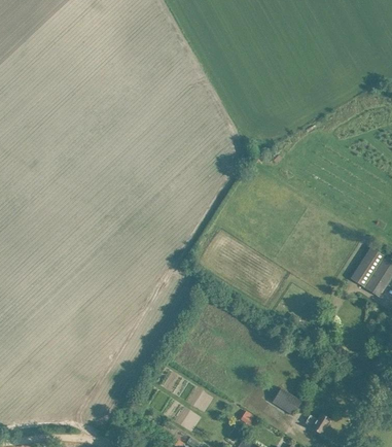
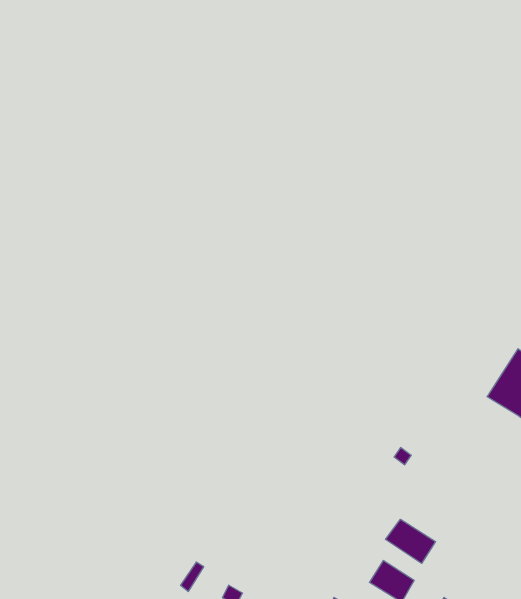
building: none -> [386,519,436,563]

